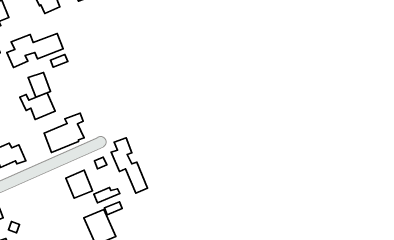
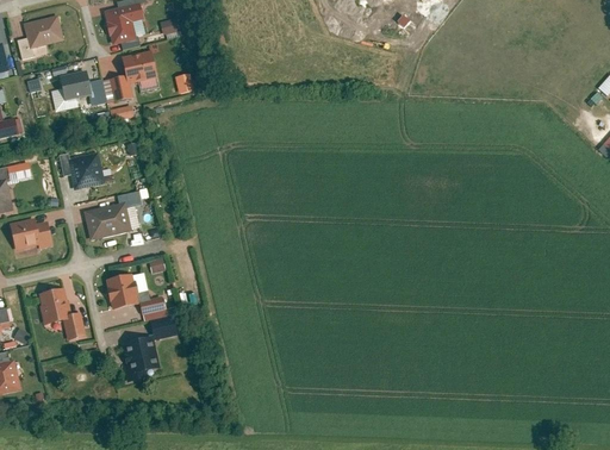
building: none -> [123,48,158,82]
building: [28,72,51,97] -> none
building: [111,138,148,193] -> none
building: none -> [38,286,88,340]

